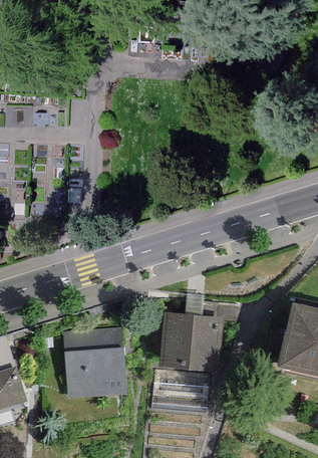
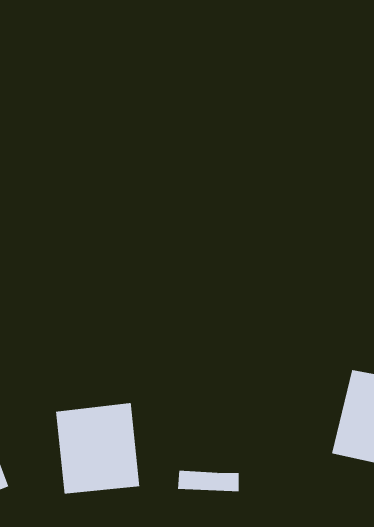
building: [161,314,220,373] -> none

